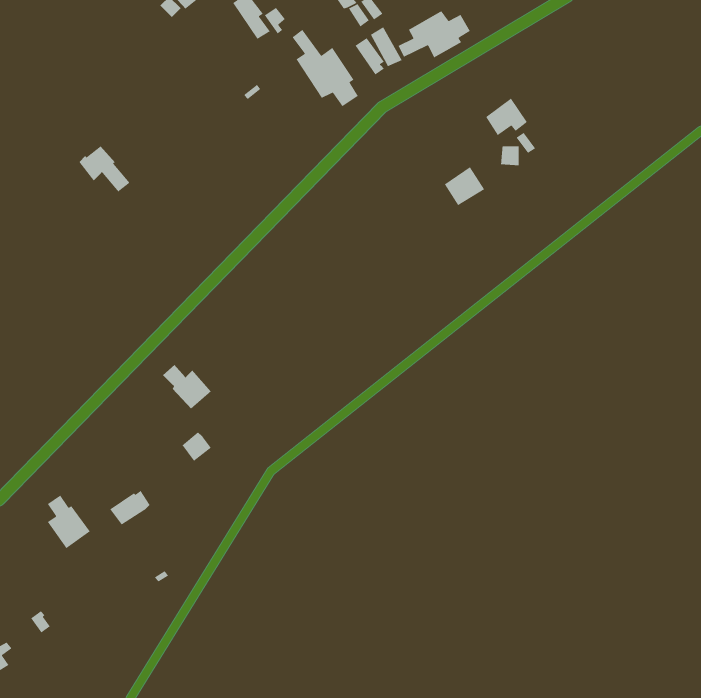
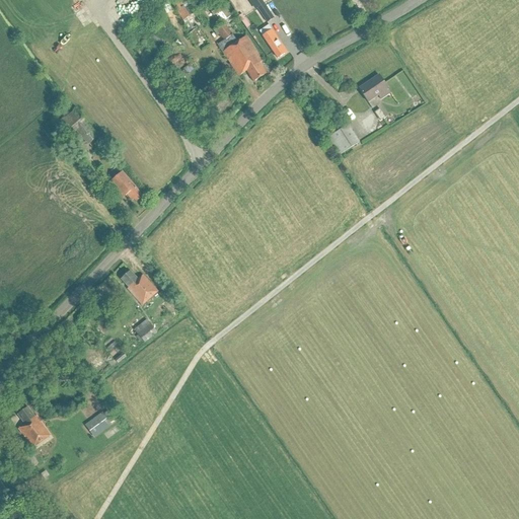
building: [397,10,471,59] -> none
building: none -> [108,169,142,199]
building: [109,490,150,526] -> [83,410,114,436]
building: [47,494,91,549] -> [17,405,50,446]

